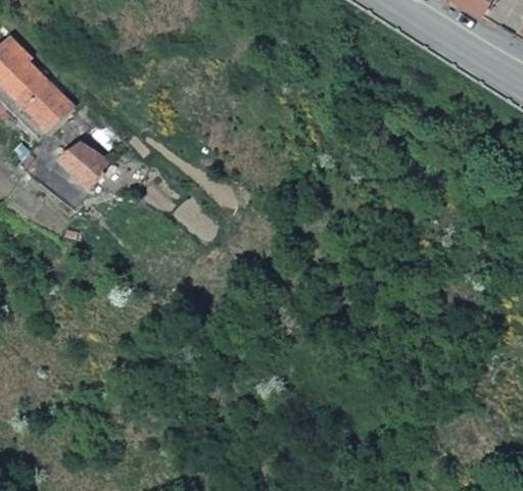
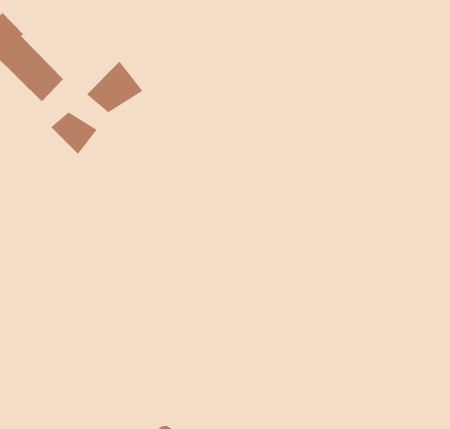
building: none -> [86,61,143,113]

